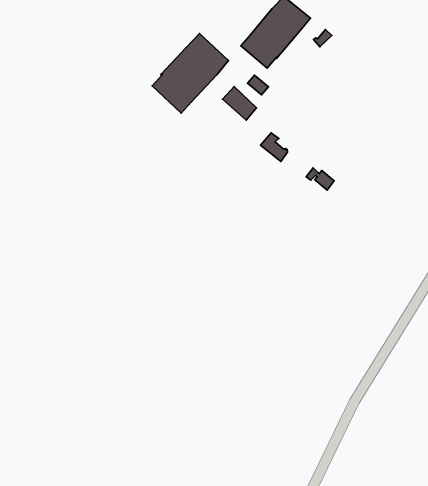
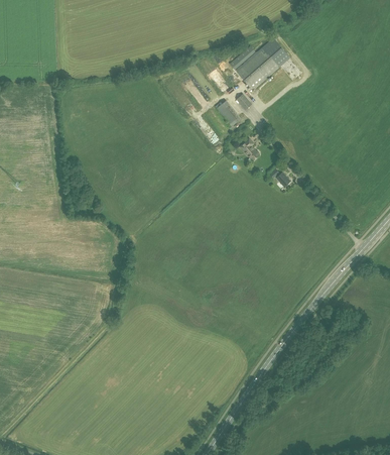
building: [152,33,228,113] -> none

